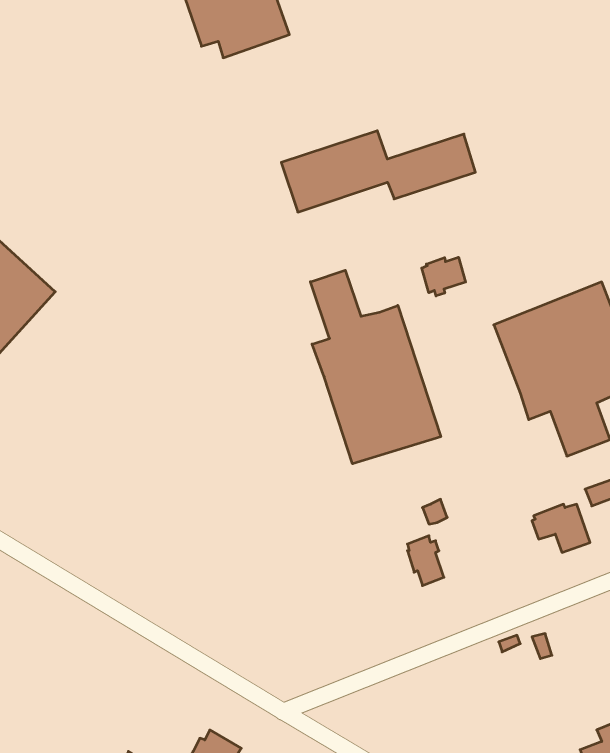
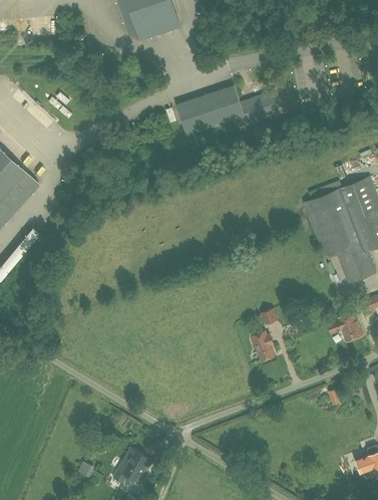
building: [422,257,466,296] -> none
building: [310,270,441,464] -> none

